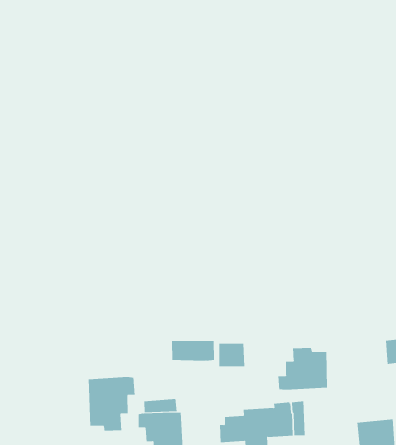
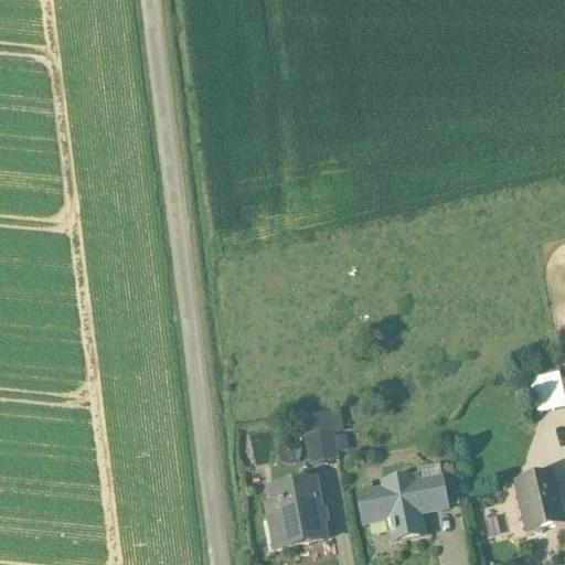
building: [218,343,245,367] -> [306,433,339,462]
building: [278,347,328,390] -> none
building: [88,376,135,432] -> none

